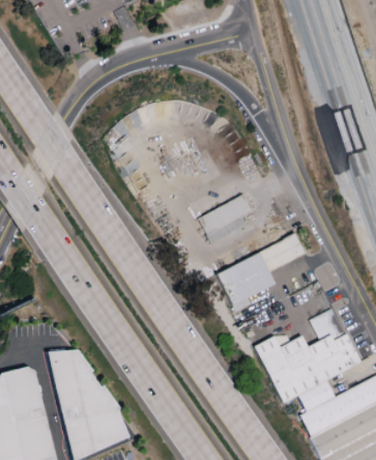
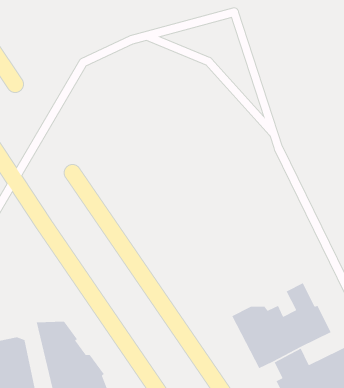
building: [201,195,254,246] -> none
building: [215,232,307,307] -> none

